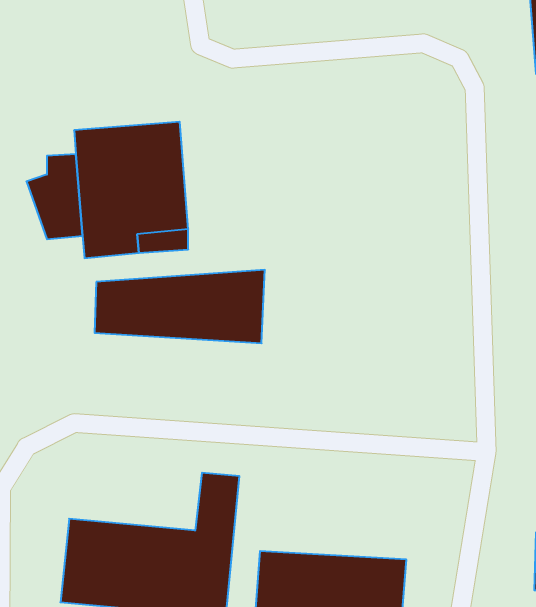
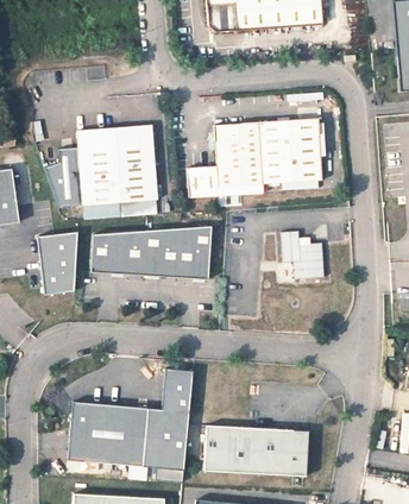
building: none -> [188,118,322,195]
building: none -> [282,229,325,277]
building: none -> [38,231,78,294]

